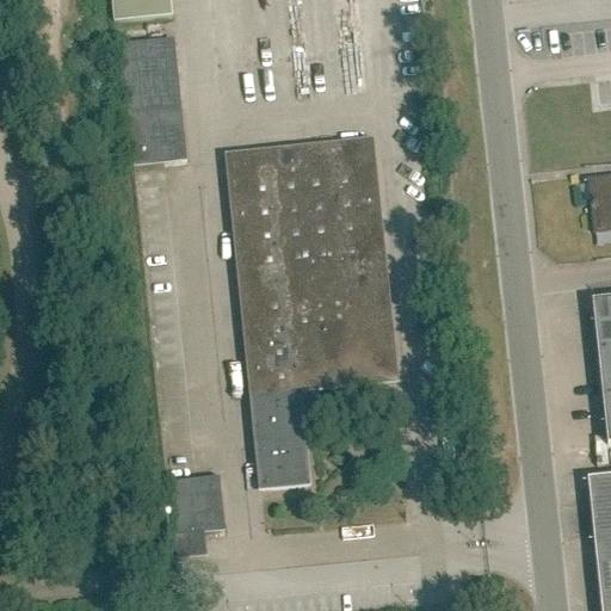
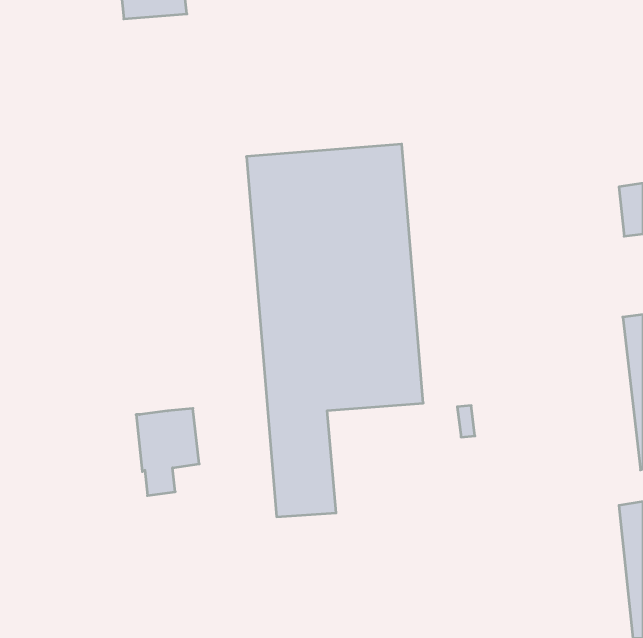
building: [118,37,184,165] -> none
building: [165,476,224,558] -> [136,408,199,496]

